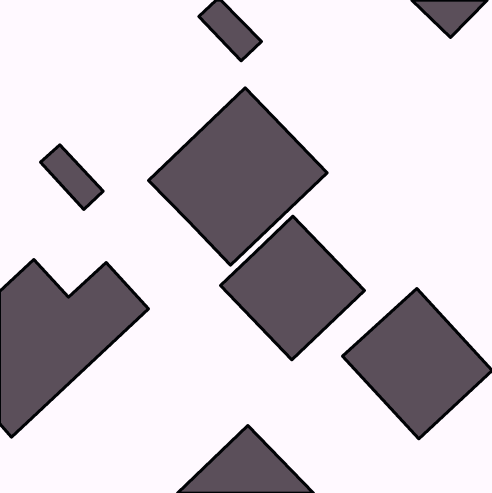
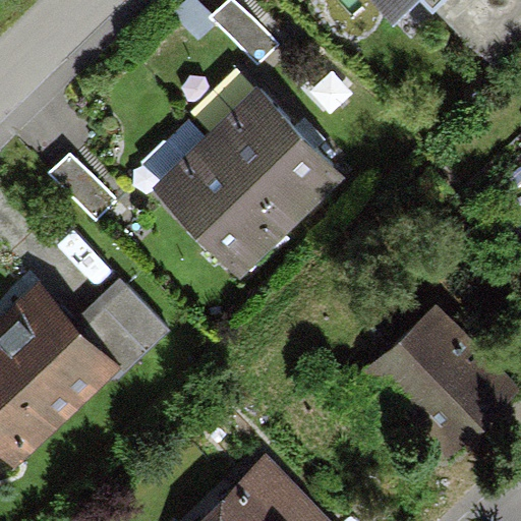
building: [220,216,364,360] -> none

